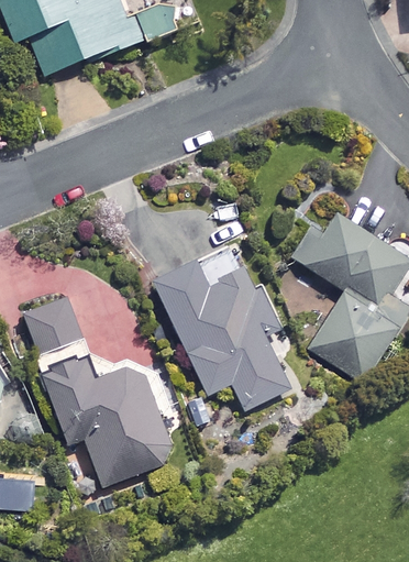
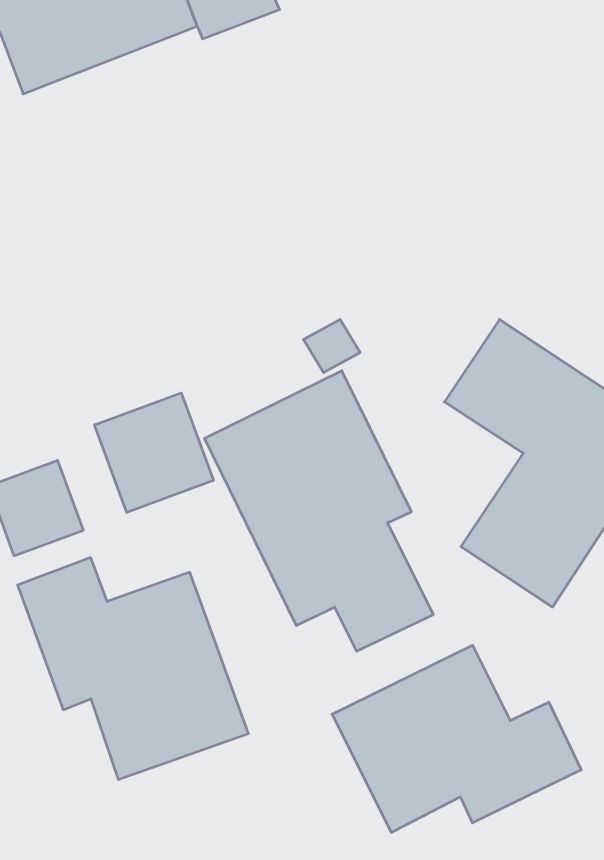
building: none -> [95,393,213,513]
building: none -> [332,645,581,833]

